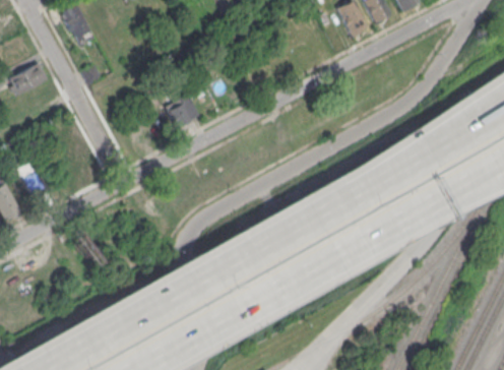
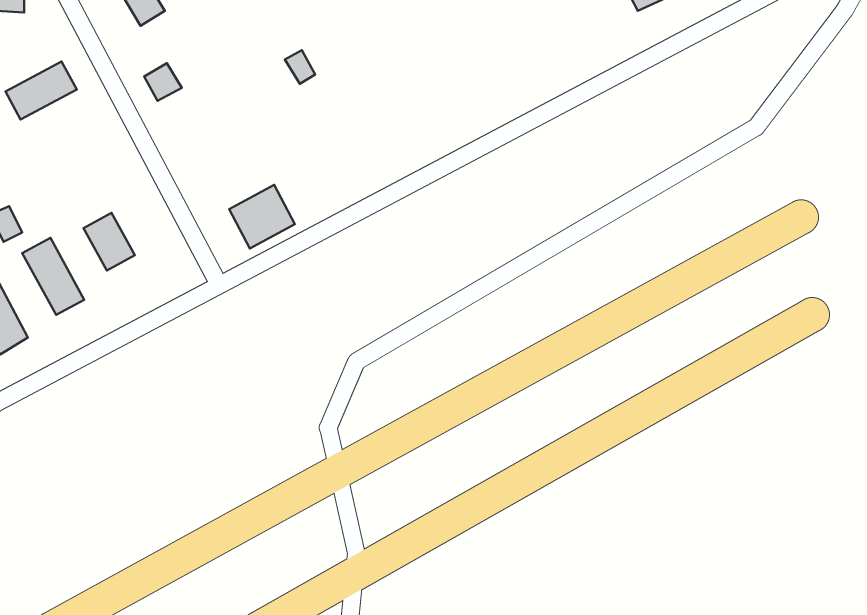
building: [164,95,199,129] -> [229,185,295,249]
building: none -> [84,213,135,270]

